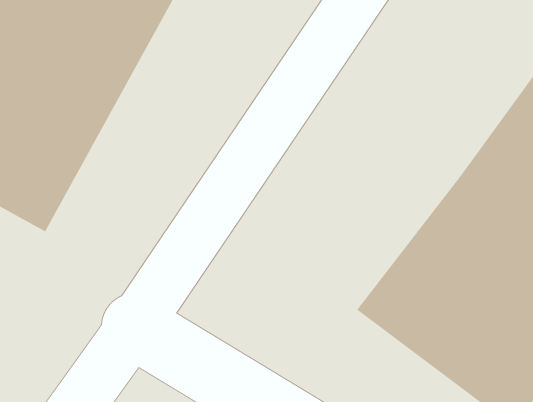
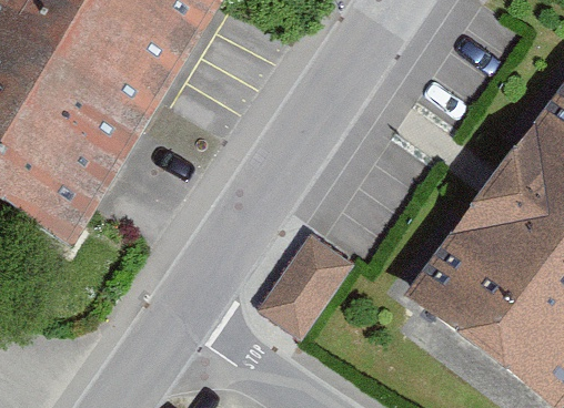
building: none -> [256,228,359,341]

